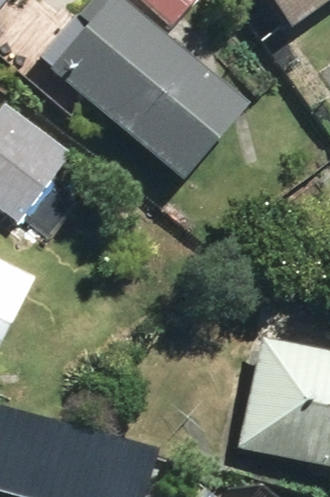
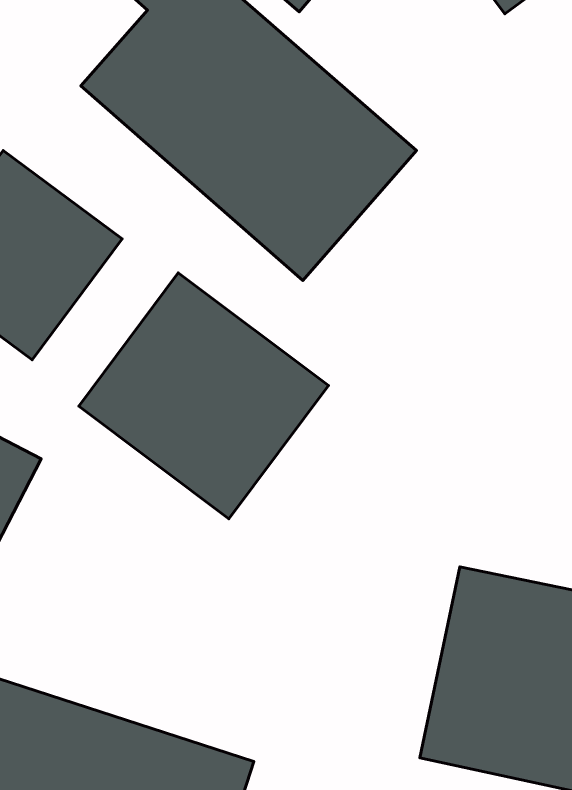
building: none -> [79,273,329,519]

